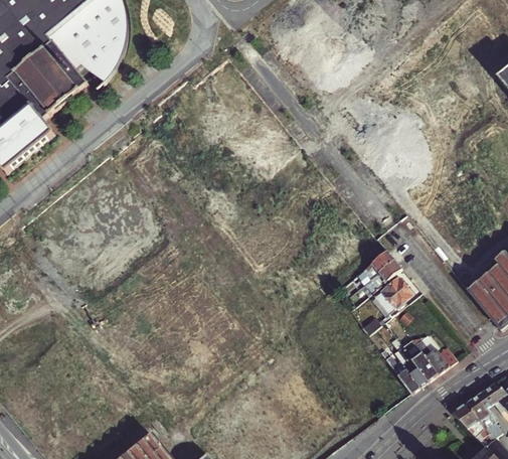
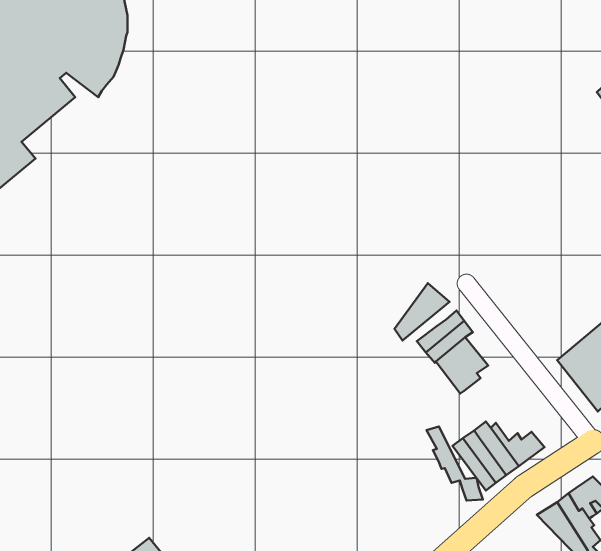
building: none -> [394,283,450,341]
building: none -> [426,427,483,500]

